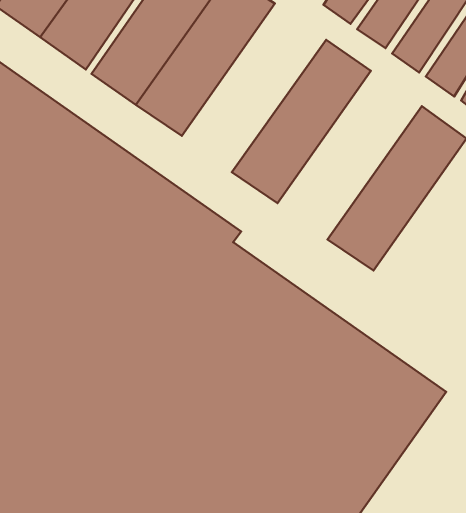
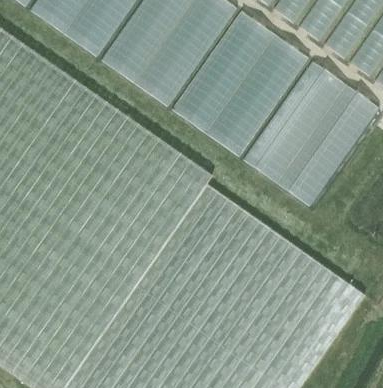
building: none -> [172,10,275,132]
building: none -> [243,60,346,182]

